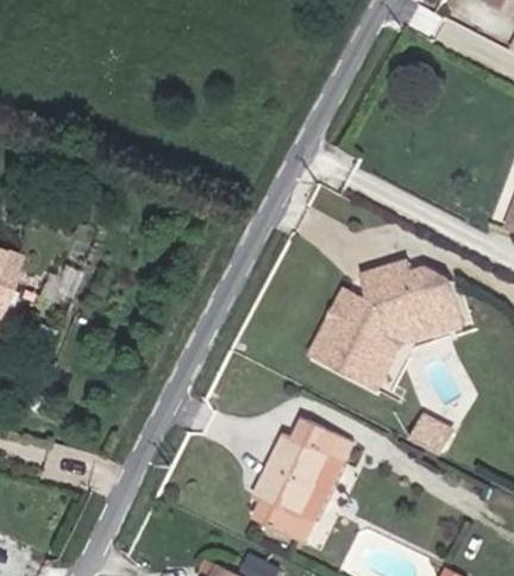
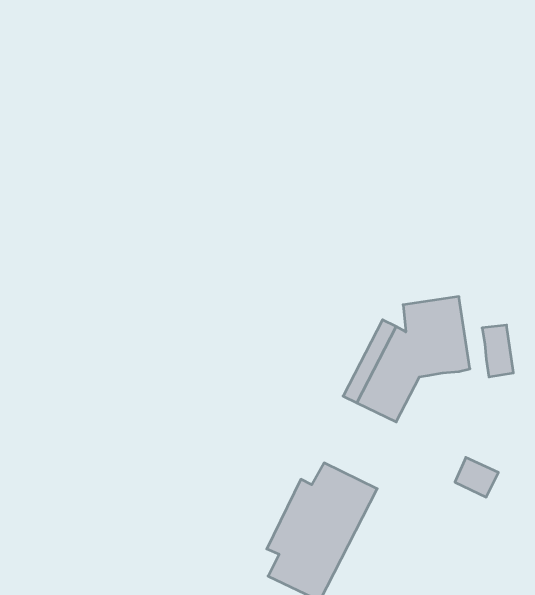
building: [368,274,464,388] -> none

